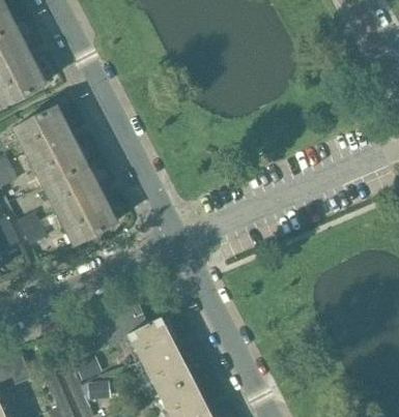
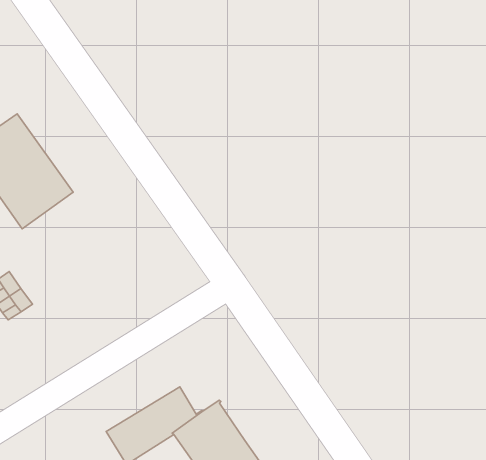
building: [48,165,115,242] -> none

